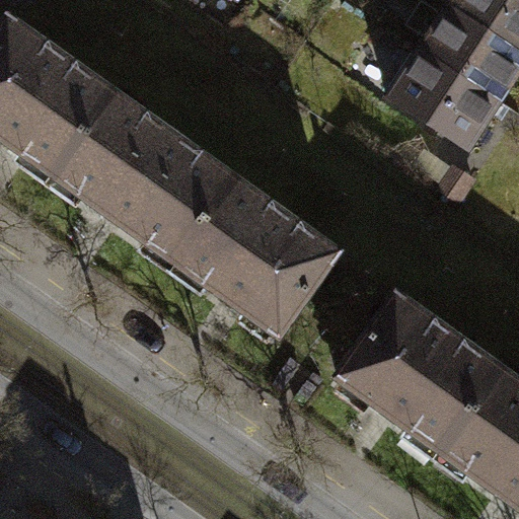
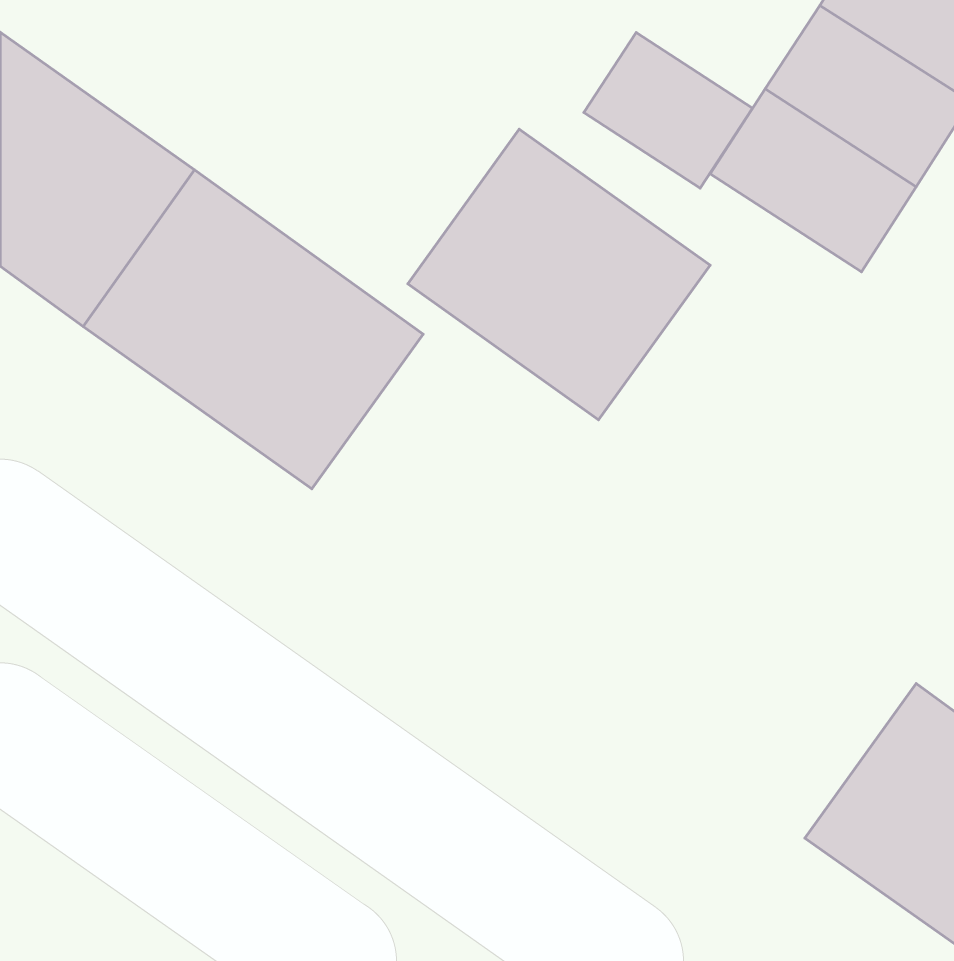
building: none -> [584,32,753,188]
building: [173,179,336,336] -> [408,129,710,420]
building: [335,294,498,450] -> none

